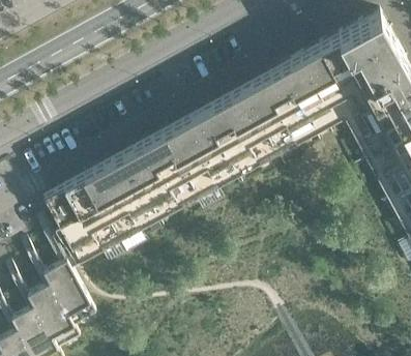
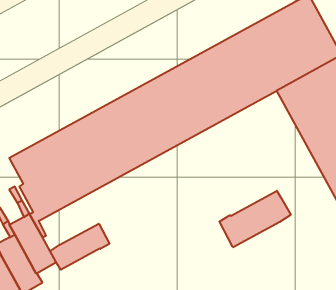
building: none -> [219,191,291,247]
building: none -> [50,224,109,270]

